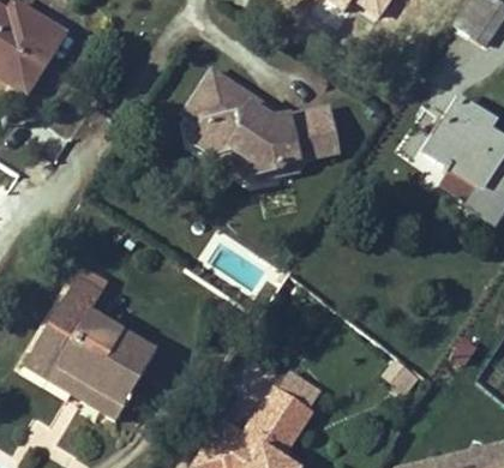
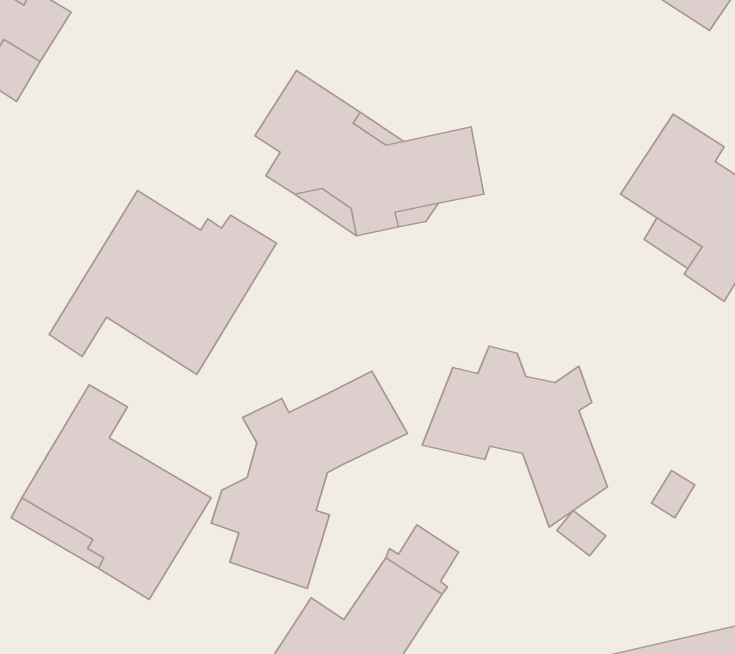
building: none -> [49,191,277,374]
building: none -> [422,346,607,527]
building: none -> [211,371,407,589]

